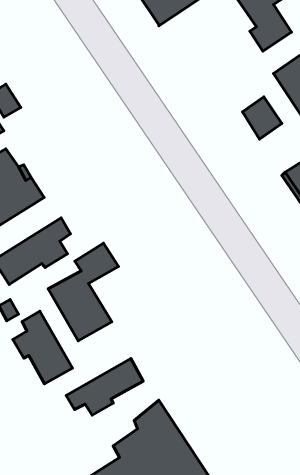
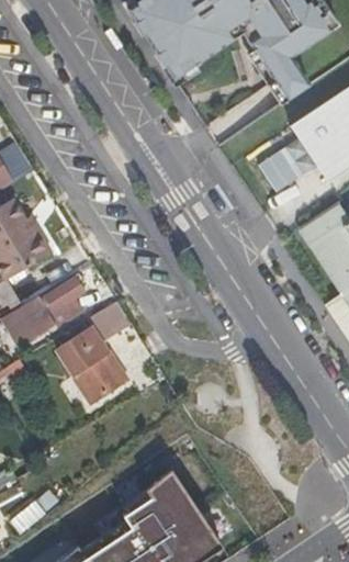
building: [13,311,72,384] -> none
building: [66,358,143,415] -> none

